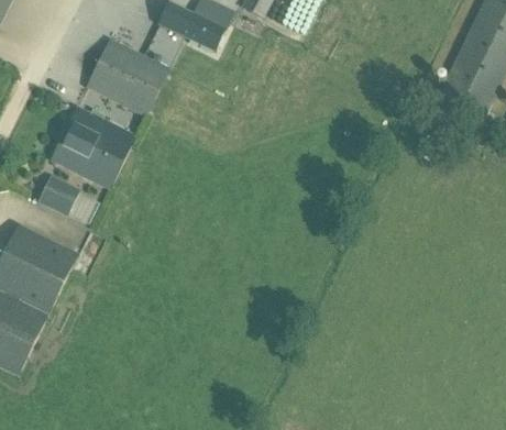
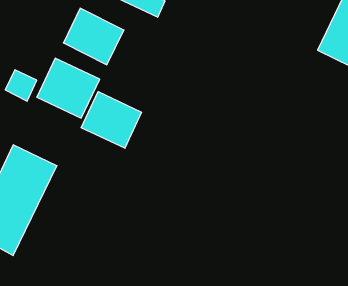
building: none -> [81,92,142,148]
building: [38,173,81,216] -> [5,70,37,101]

